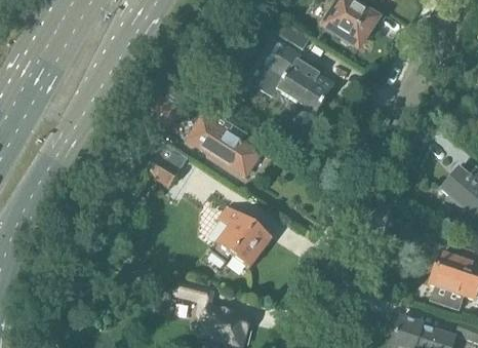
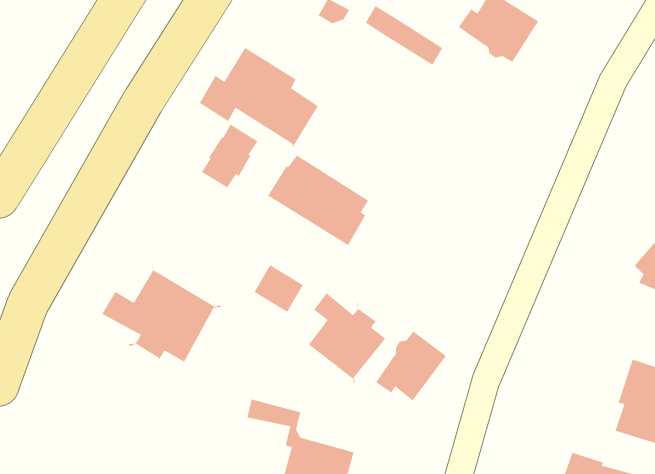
building: [250,43,333,113] -> [199,47,319,147]
building: [146,155,181,189] -> [254,264,304,313]
building: none -> [101,262,222,368]
building: none -> [375,331,447,401]

